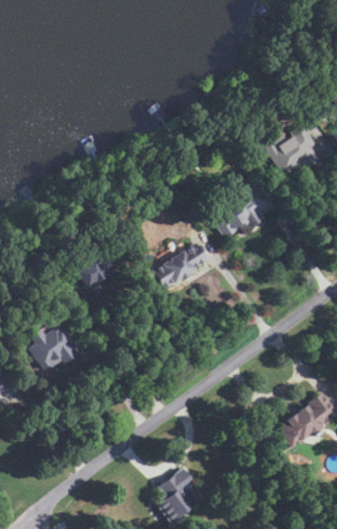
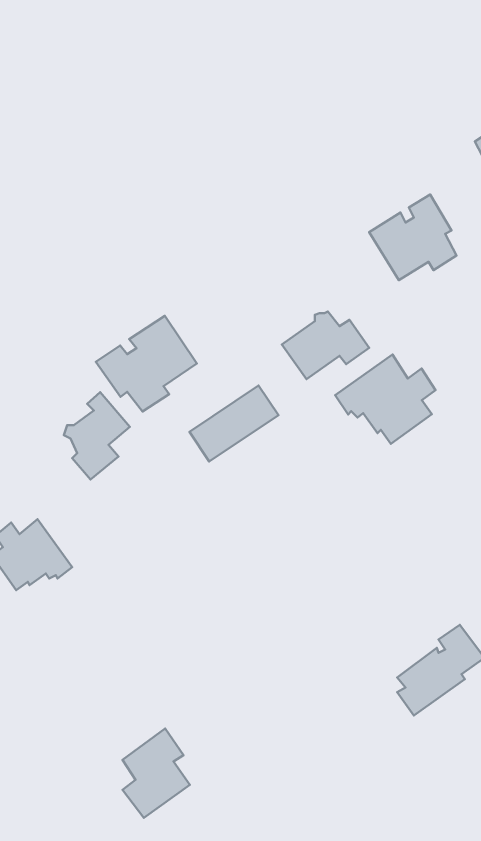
building: none -> [96,316,197,411]
building: none -> [335,354,435,444]
building: [158,466,201,522] -> [122,729,190,818]

